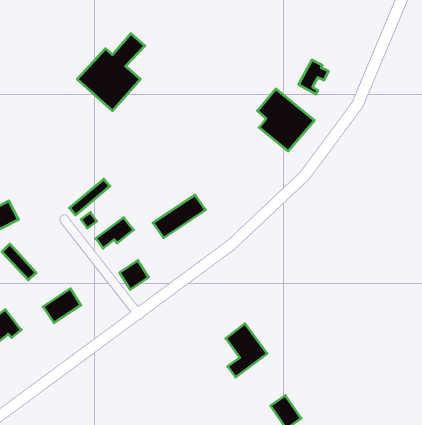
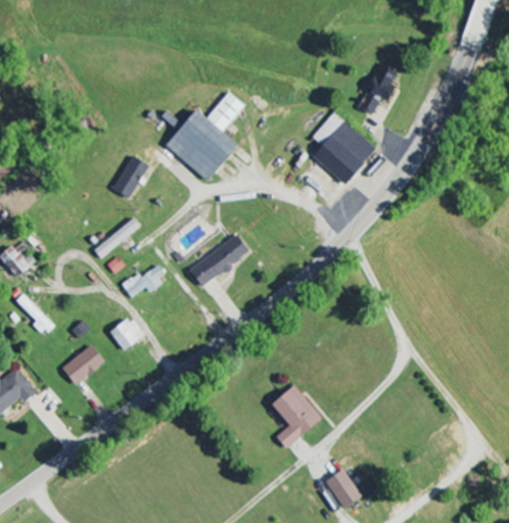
building: [77,34,145,111] -> [167,91,245,181]
building: none -> [111,153,149,197]
building: [120,260,149,289] -> [110,317,144,350]

